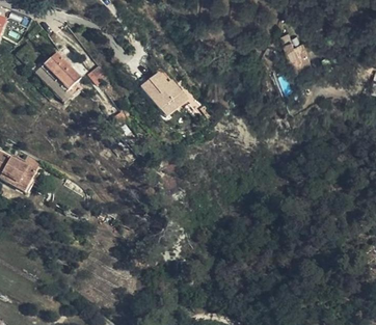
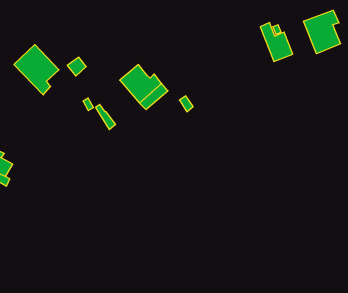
building: none -> [304,10,341,54]

